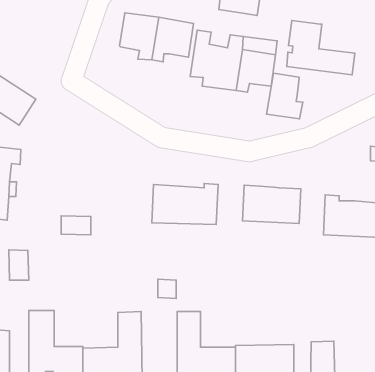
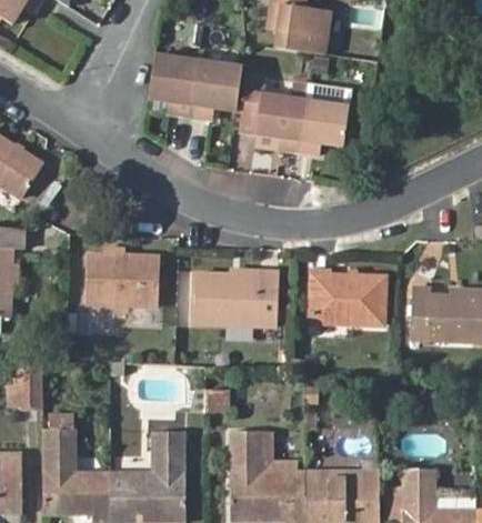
building: [287,20,355,75] -> none
building: [266,73,303,119] -> none
building: none -> [88,251,161,302]

